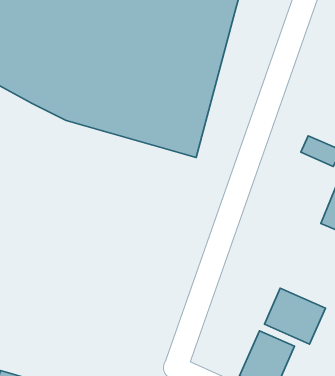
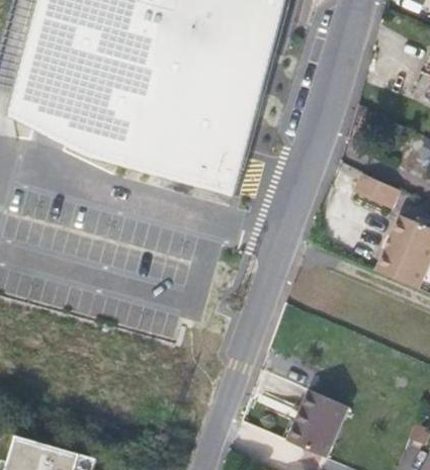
building: [264,288,326,344] -> none

